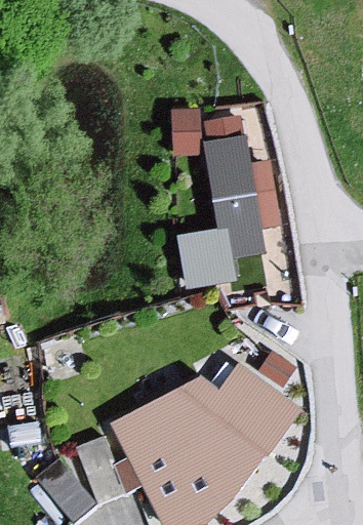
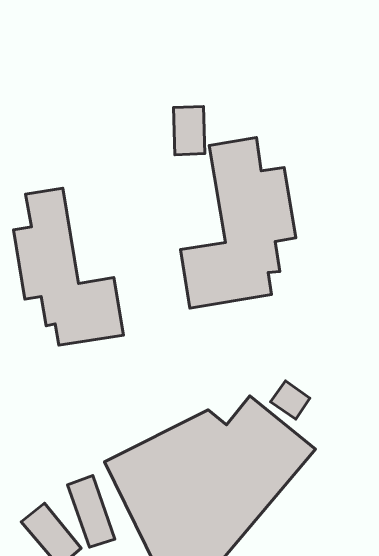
building: none -> [14,188,124,345]

